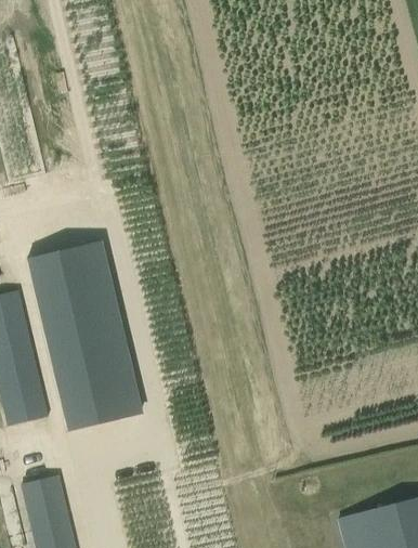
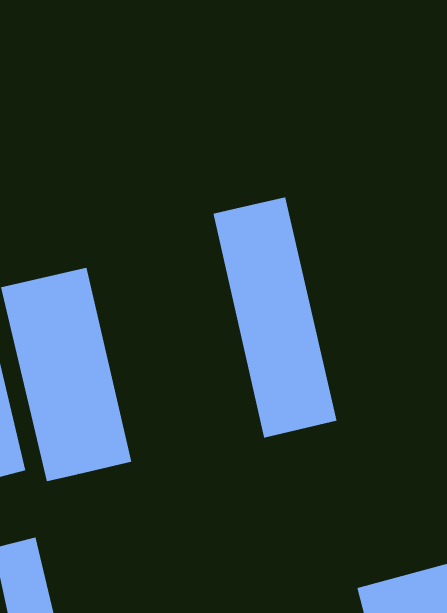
building: none -> [213,197,337,438]

